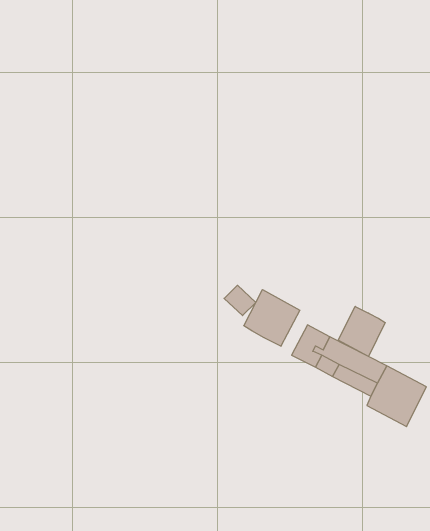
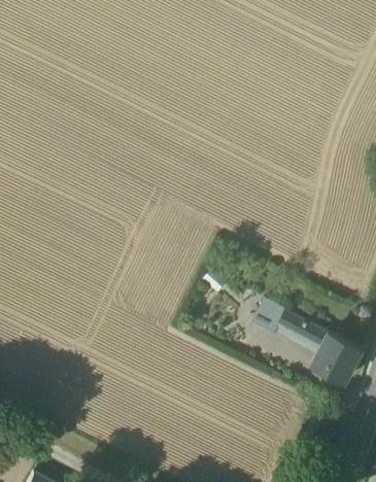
building: [244,290,300,346] -> none
building: [338,306,385,356] -> none

